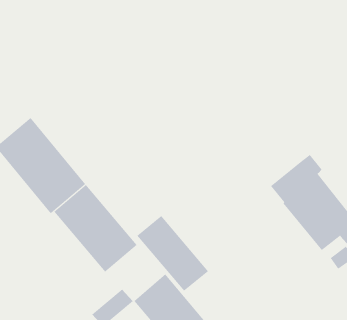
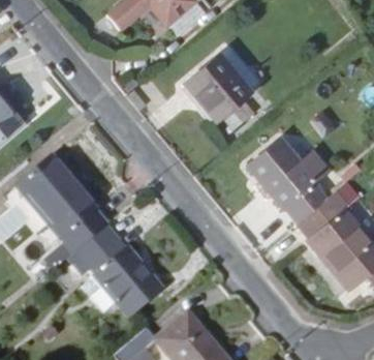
building: none -> [179,49,260,133]
building: none -> [247,139,326,223]
building: [136,215,209,292] -> none

